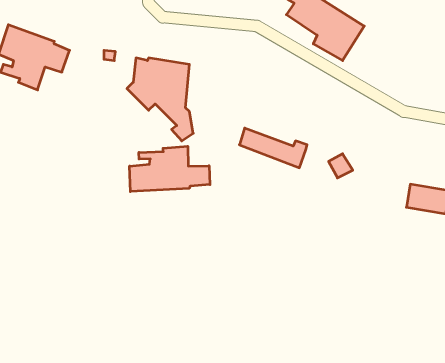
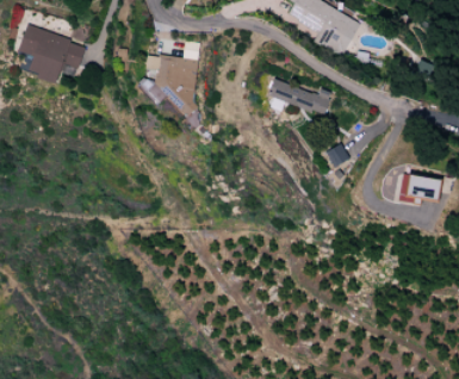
building: [239,128,307,168] -> [268,79,331,116]
building: [130,146,210,192] -> none

